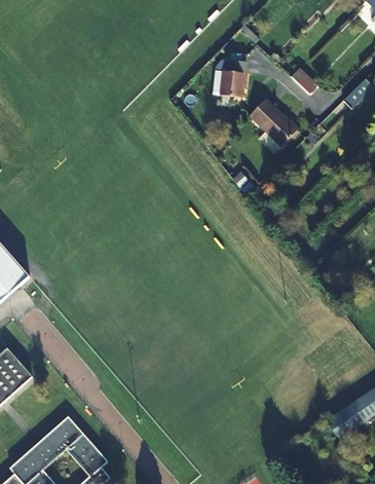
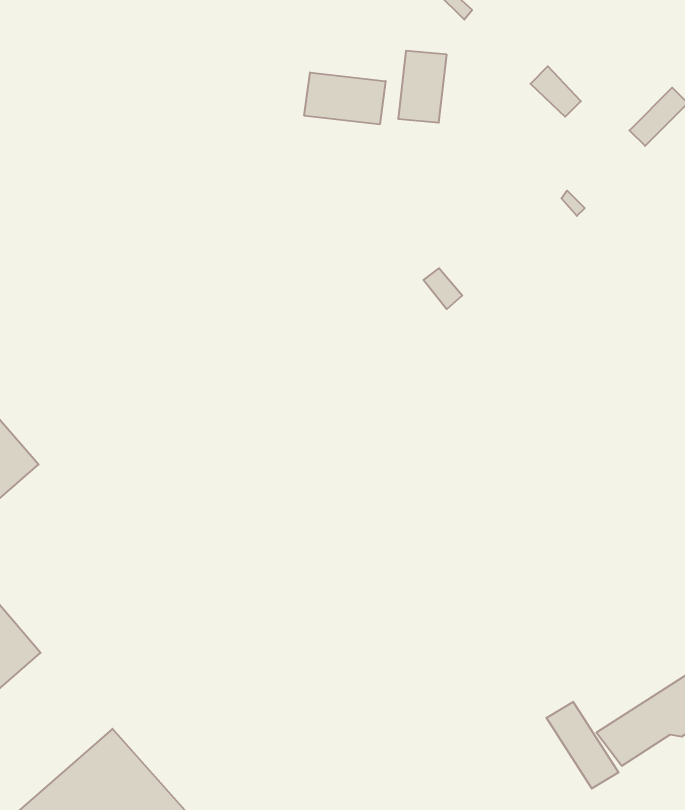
building: none -> [304,72,386,124]
building: [249,99,297,146] -> none
building: none -> [546,702,618,789]

